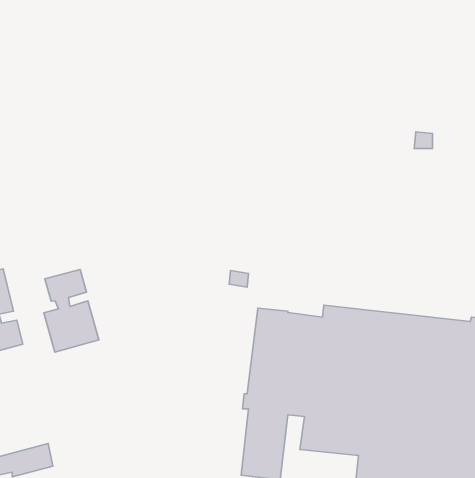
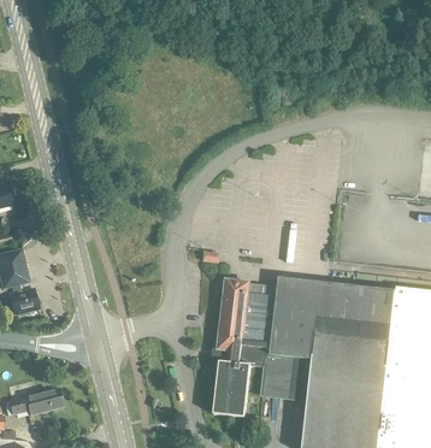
building: [44,270,99,352] -> none

